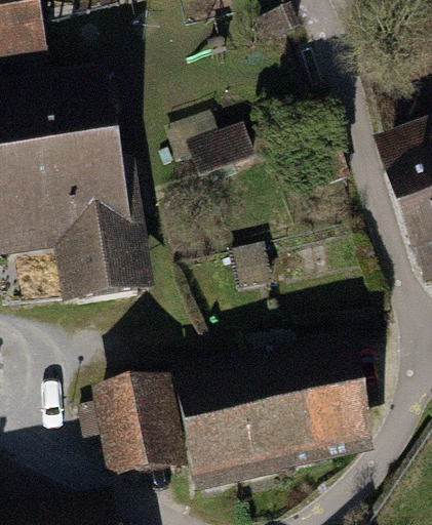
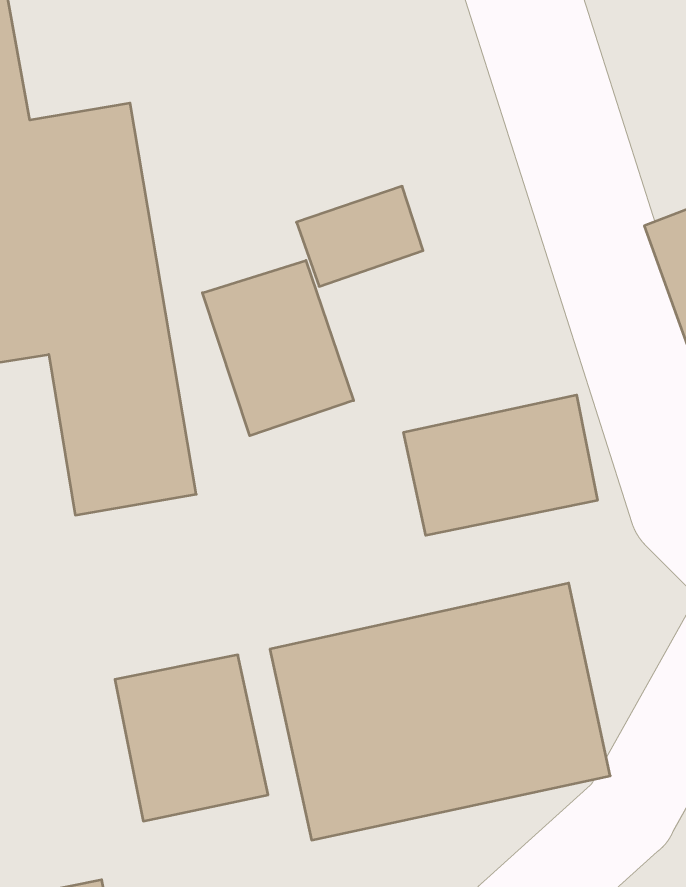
building: none -> [202,260,354,436]
building: none -> [404,395,597,535]

